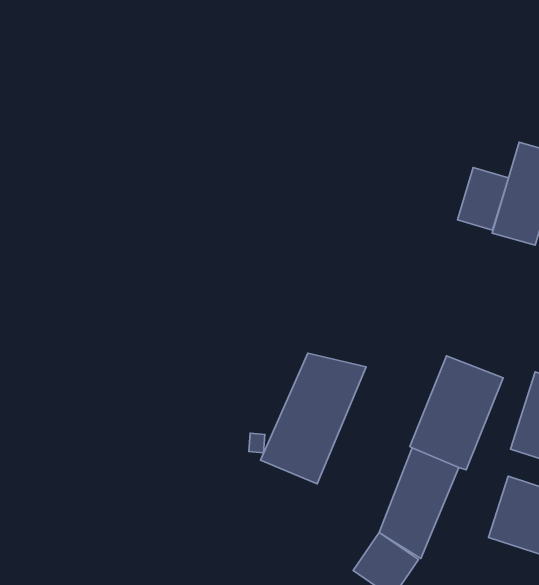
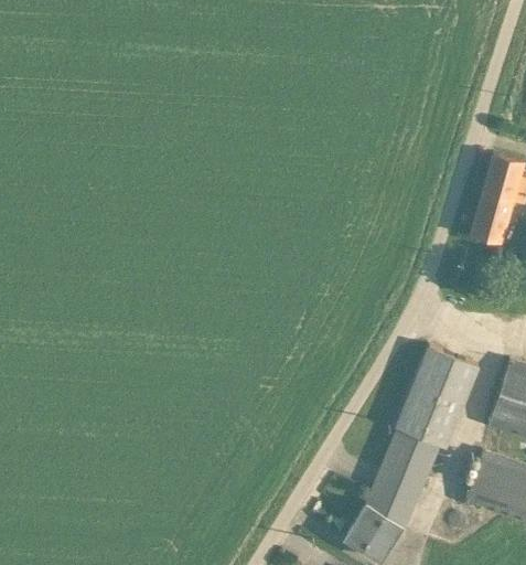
building: [457,167,508,230] -> none
building: [260,353,366,484] -> none

